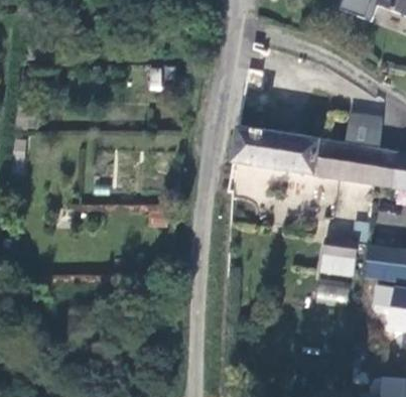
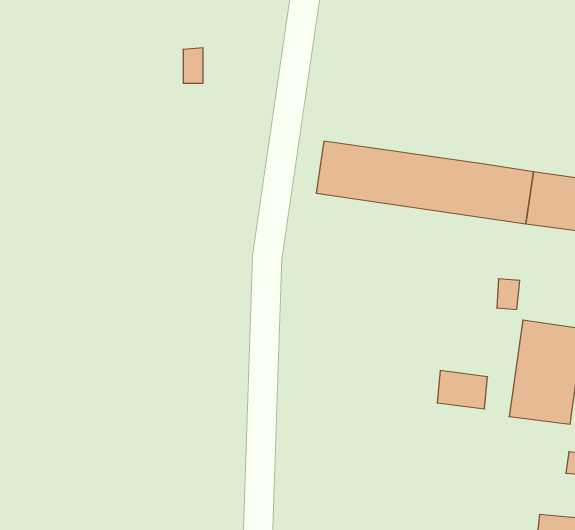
building: [346,114,382,149] -> none
building: [323,240,360,275] -> none

